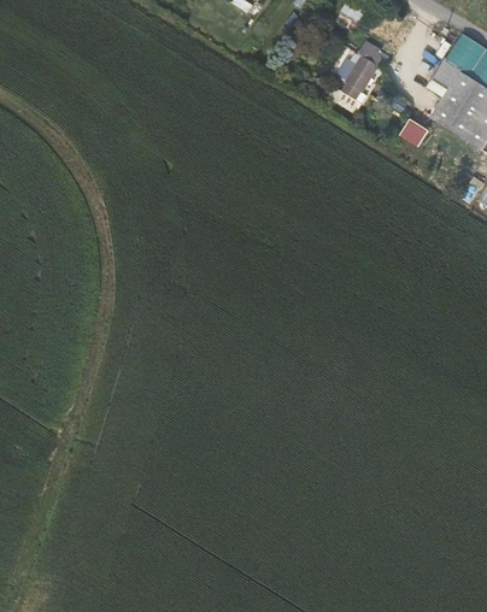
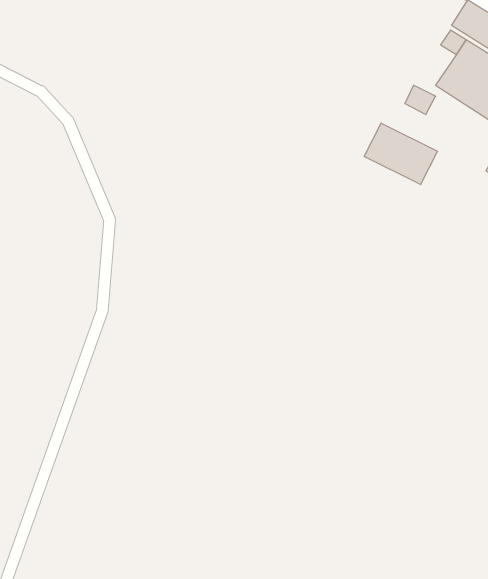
building: [341,54,377,99] -> none
building: none -> [364,123,437,185]

